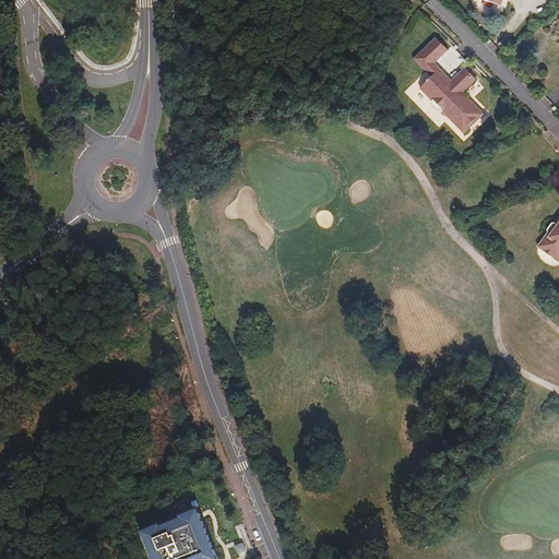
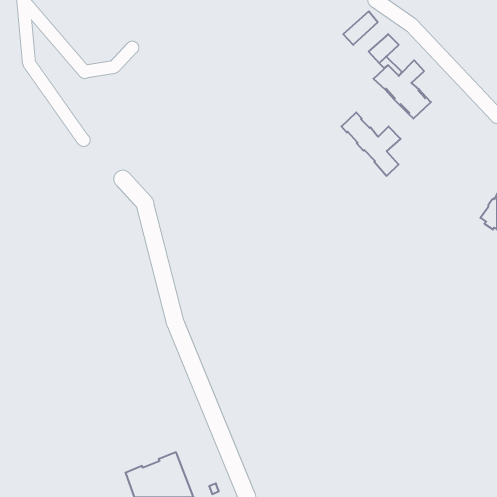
building: none -> [343,11,378,45]
building: none -> [341,112,401,176]

